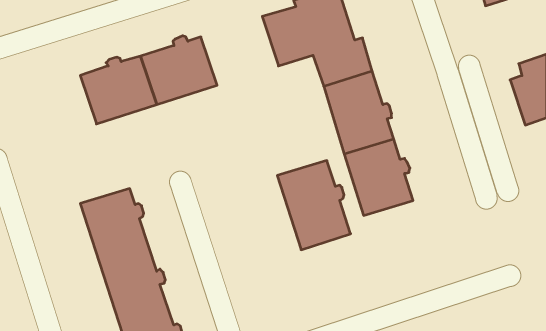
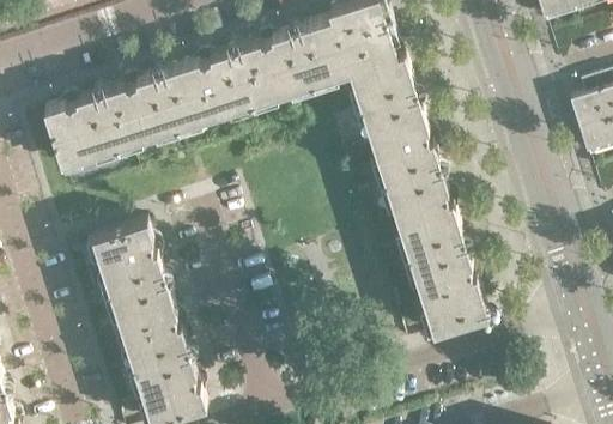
building: none -> [224,34,310,110]
building: none -> [42,98,108,169]
building: [277,161,351,250] -> [405,238,486,338]

